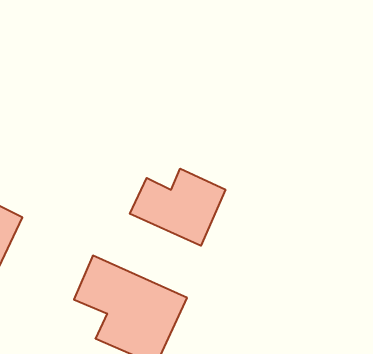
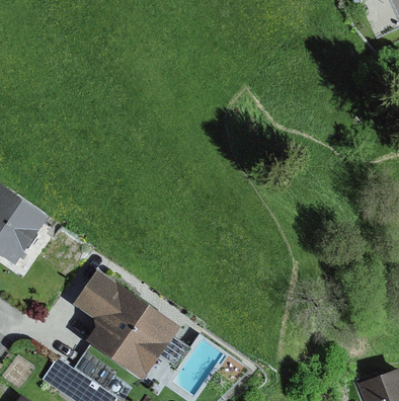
building: [130,169,225,246] -> none

